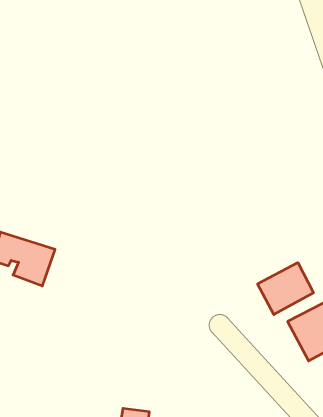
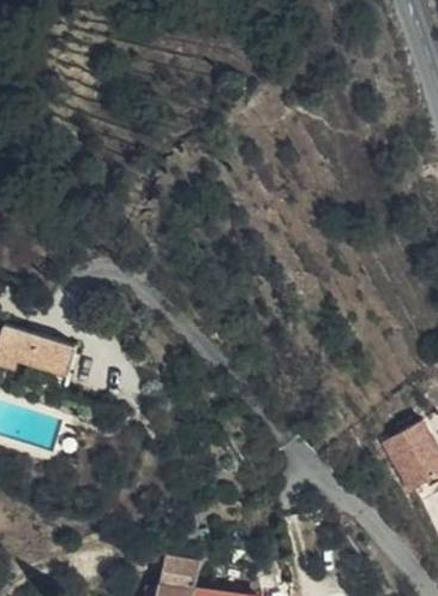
building: [258,263,313,315] -> none

